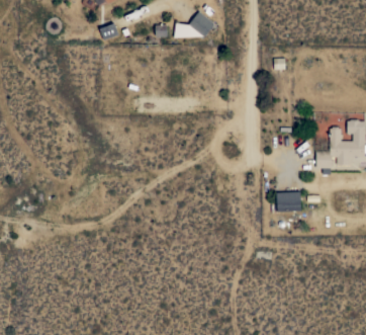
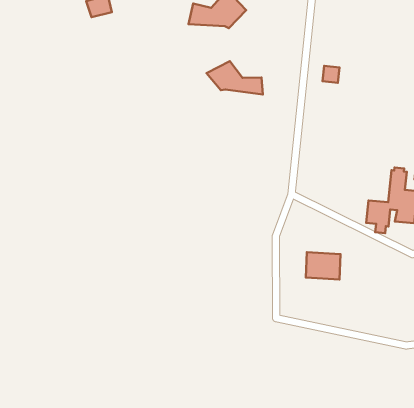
building: none -> [207,61,263,95]

